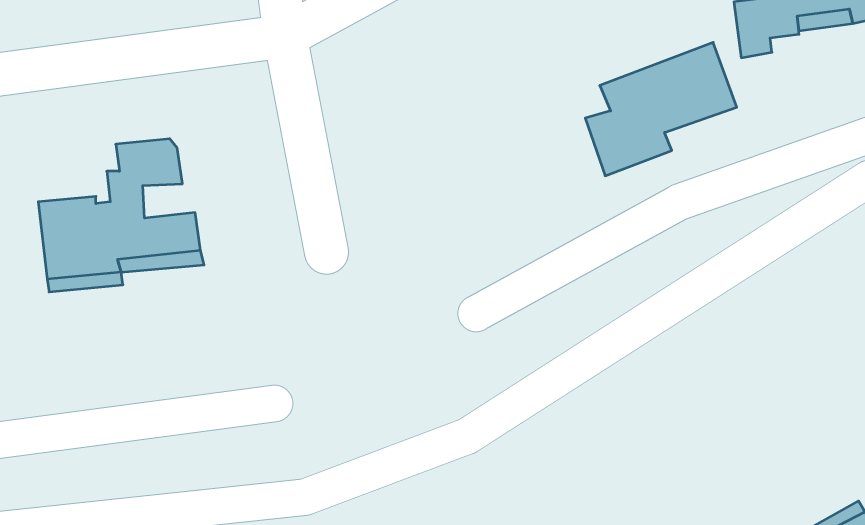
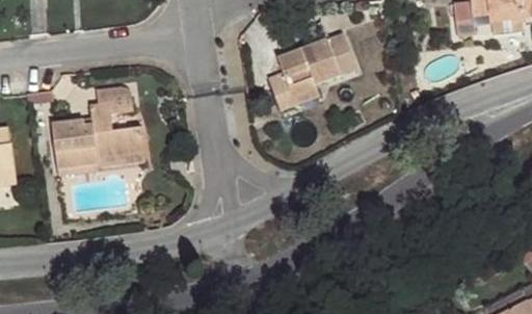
building: [585,42,737,176] -> [270,32,357,109]

